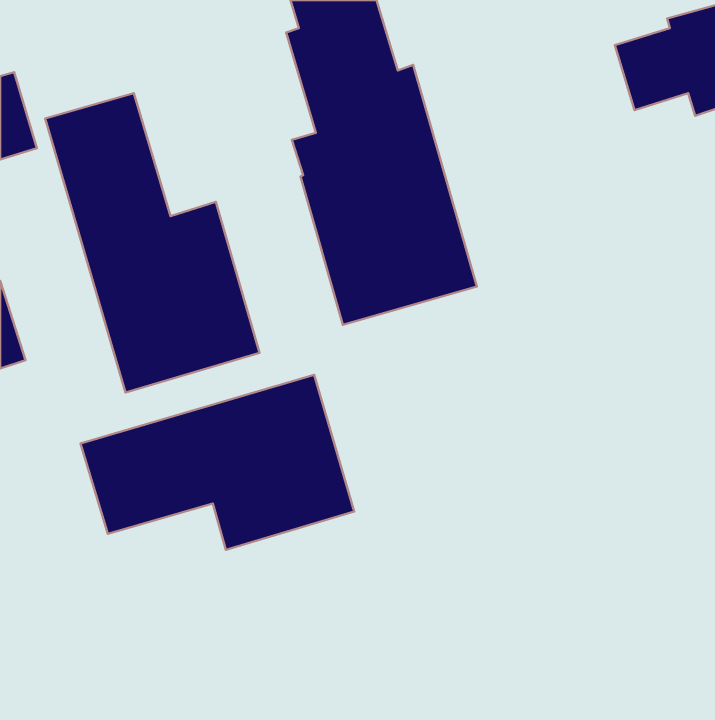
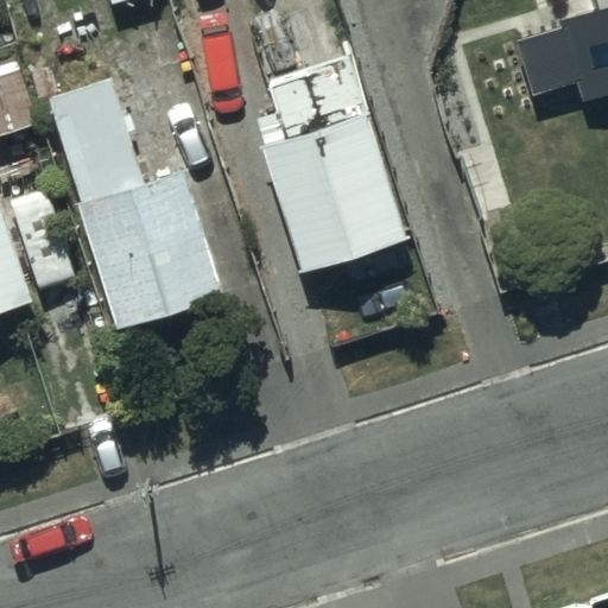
building: [81,375,354,550] -> none

